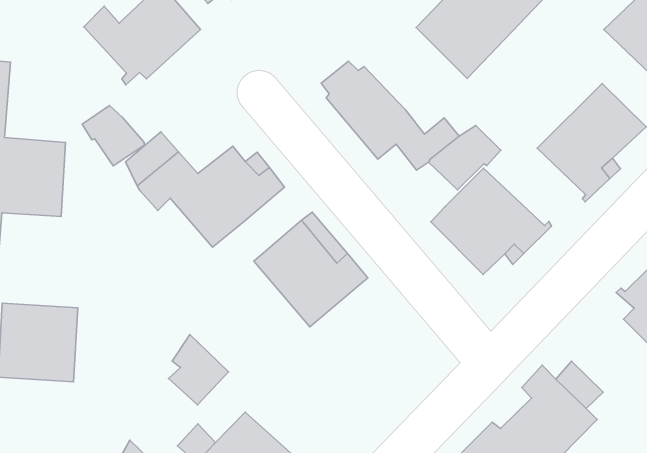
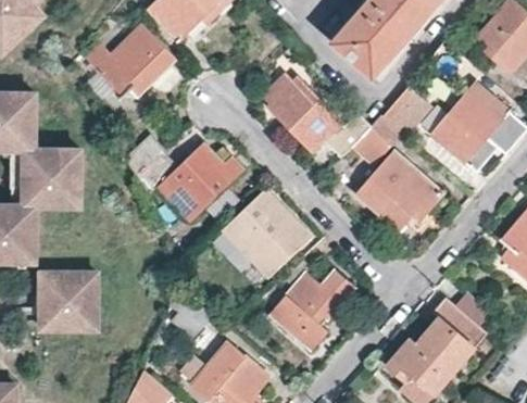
building: none -> [384,87,432,136]
building: [82,105,145,166] -> none
building: none -> [267,255,351,352]

